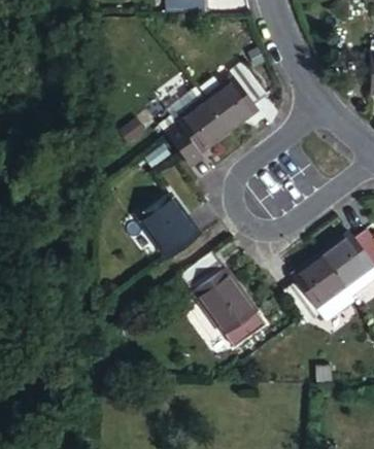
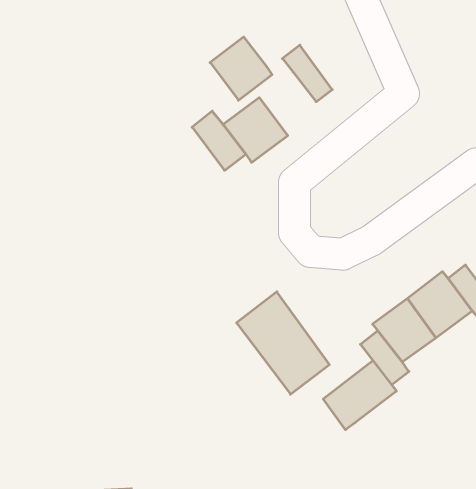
building: [204,88,251,136] -> [210,37,272,100]
building: [143,200,203,263] -> none
building: none -> [323,360,396,430]

